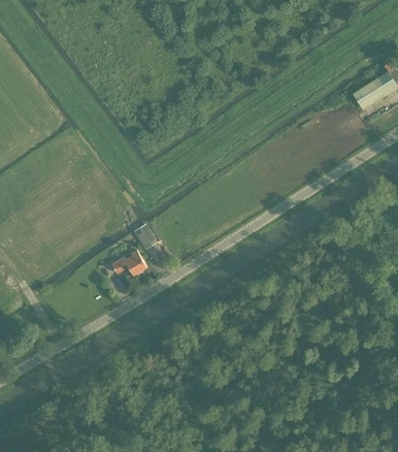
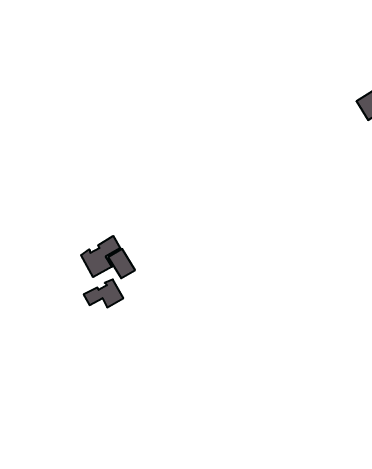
building: none -> [81,236,120,277]

